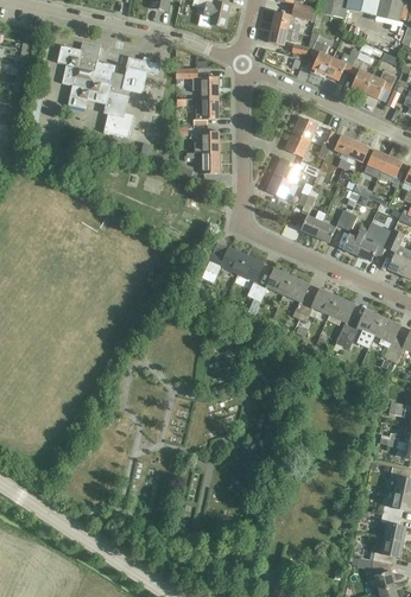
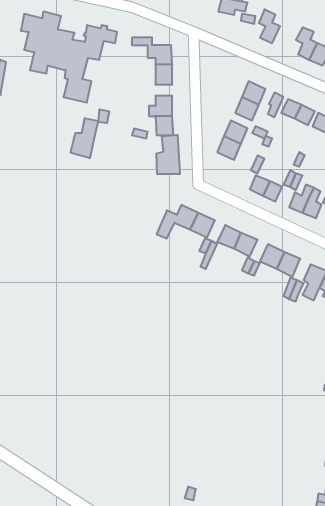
building: [323,49,358,81] -> none
building: none -> [70,118,98,158]
building: none -> [157,135,180,174]

